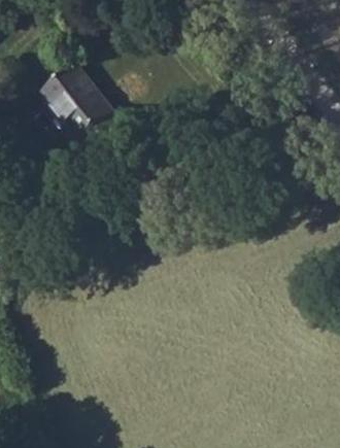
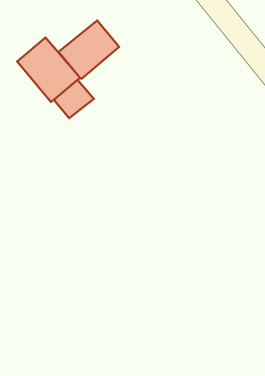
building: none -> [58,20,119,79]

